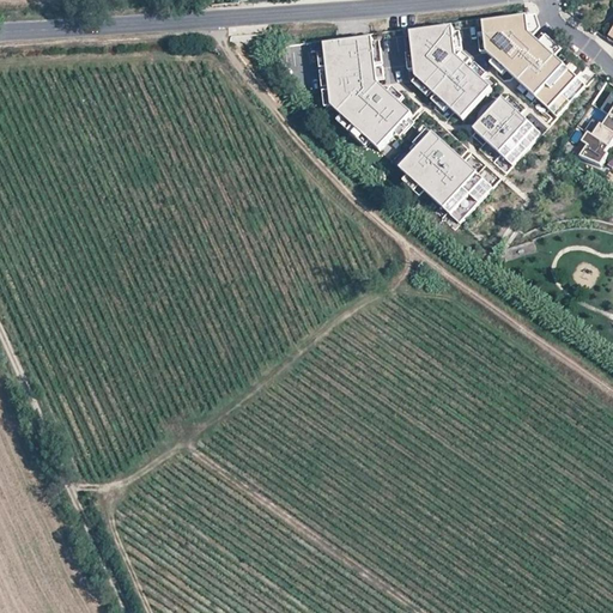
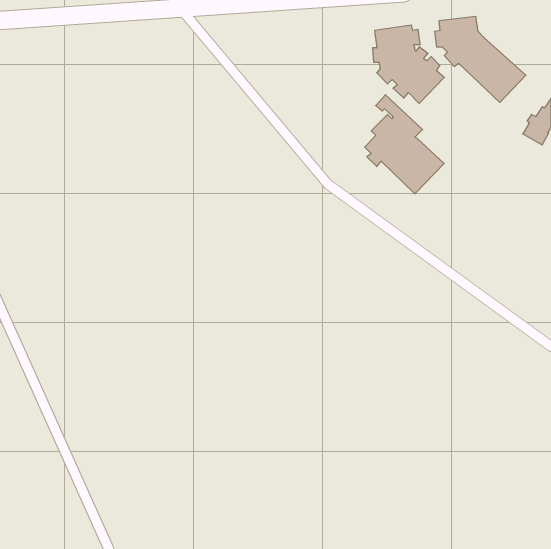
building: [324,38,421,144] -> none
building: [472,95,535,158] -> none

